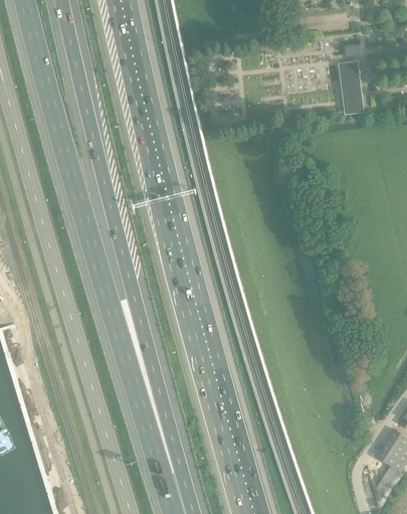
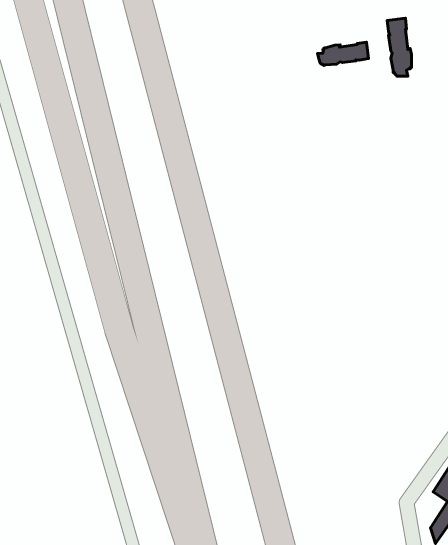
building: none -> [317,42,369,65]

